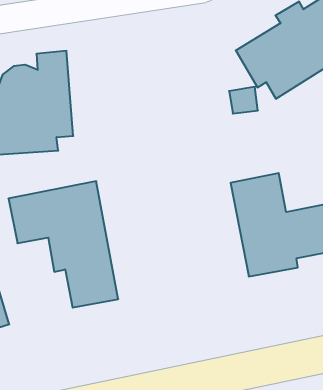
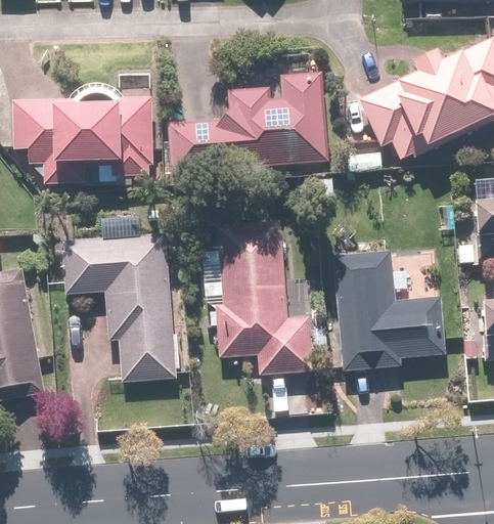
building: none -> [168,73,327,171]
building: none -> [199,220,329,373]

